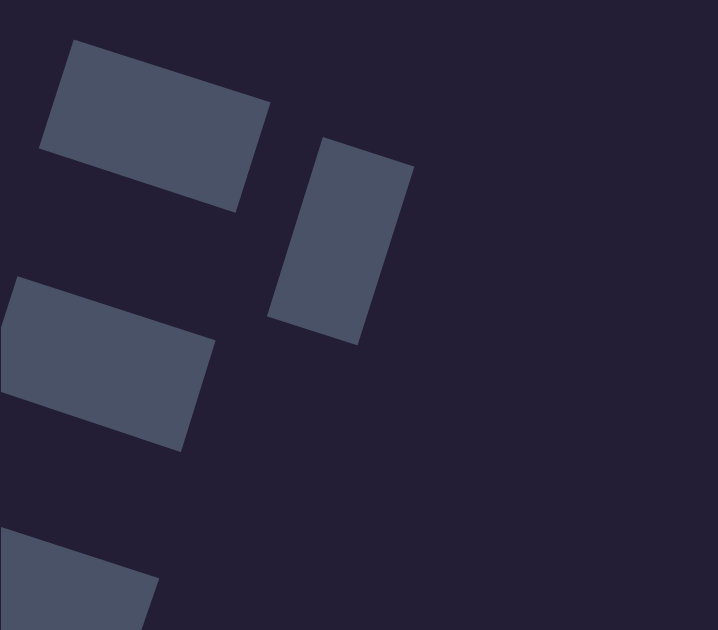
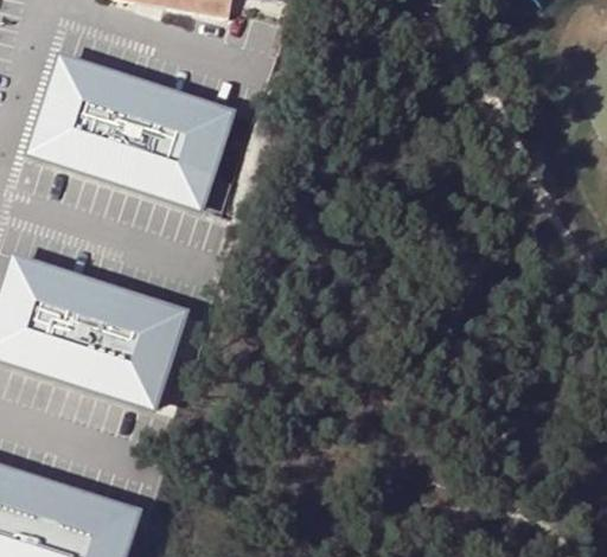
building: [266,136,415,346] -> none

